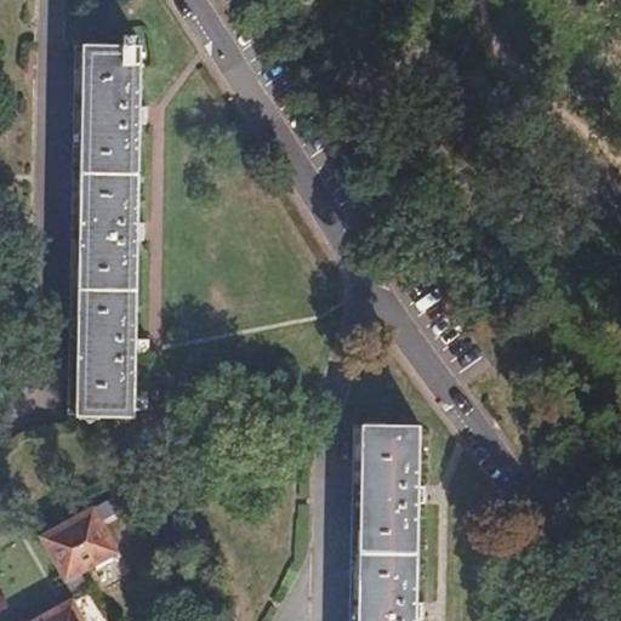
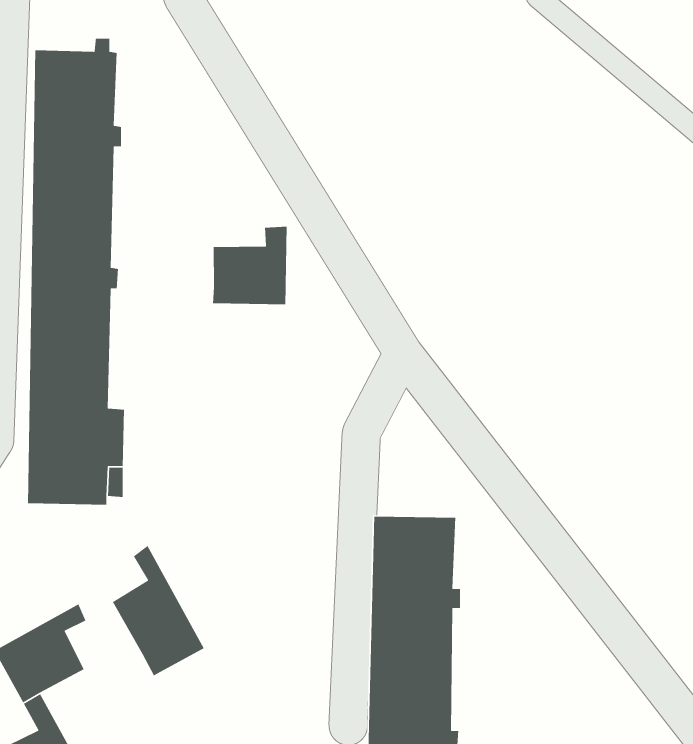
building: none -> [212,226,287,305]
building: none -> [112,545,205,677]

